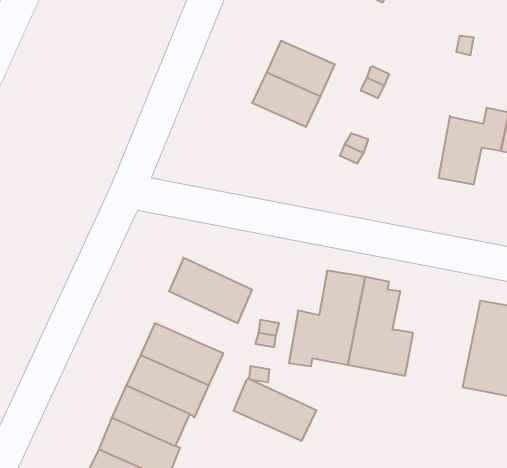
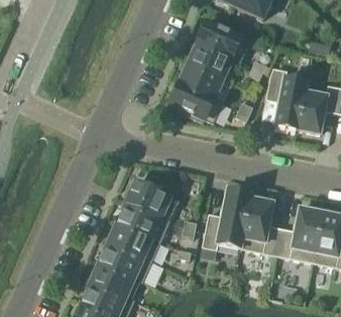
building: none -> [197,21,249,62]
building: none -> [265,68,307,129]
building: none -> [169,82,222,122]
building: none -> [275,204,323,261]
building: [233,379,316,441] -> [117,201,169,240]

